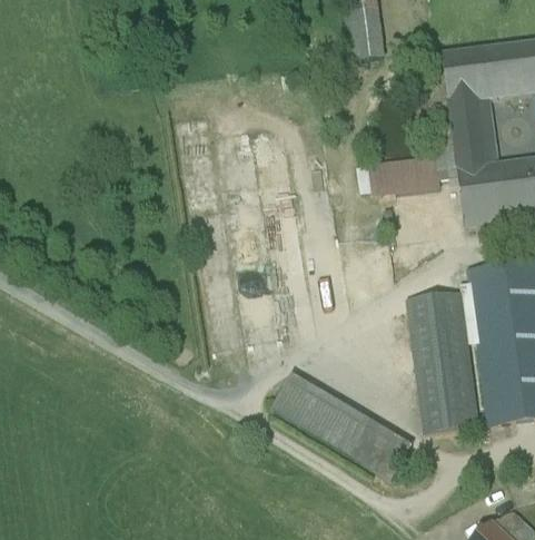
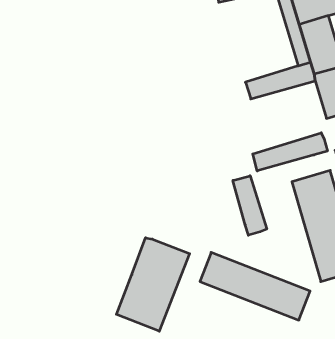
building: none -> [253,133,327,171]
building: none -> [233,176,267,235]
building: none -> [116,238,190,331]

